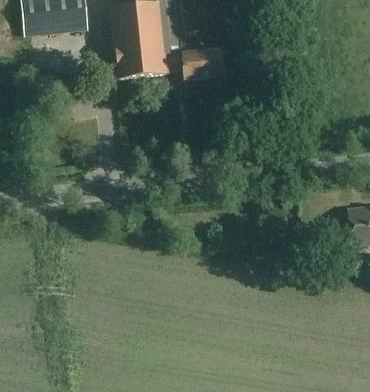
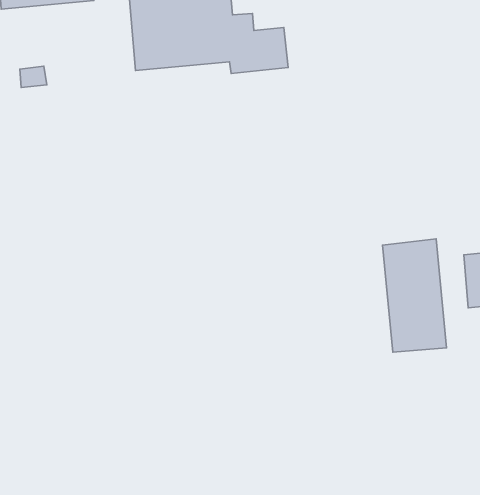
building: none -> [383,239,447,352]

